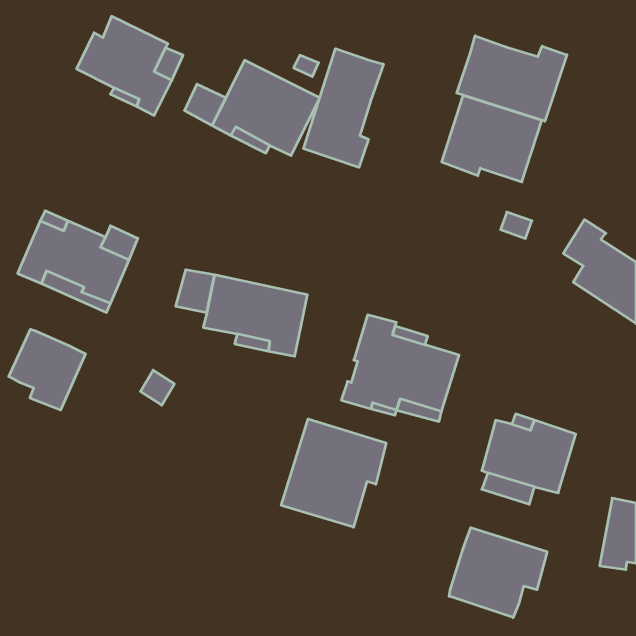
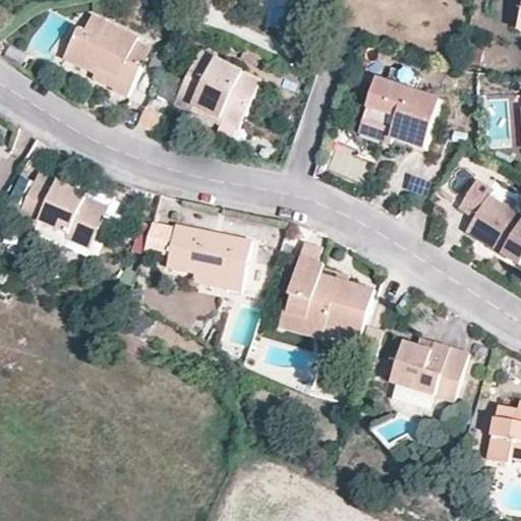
building: [457,36,567,121] -> none
building: [304,49,383,167] -> none
building: [9,329,85,410] -> none
building: [281,419,386,527] -> none
building: [449,528,547,618] -> none

